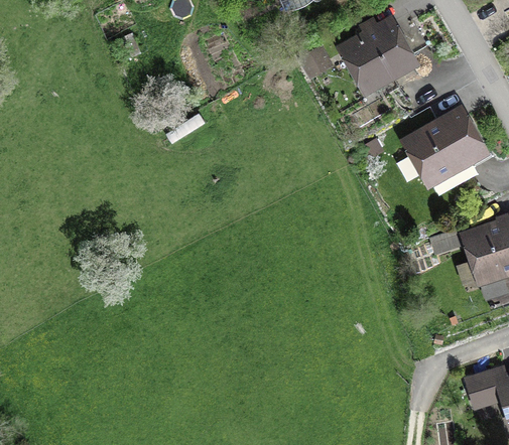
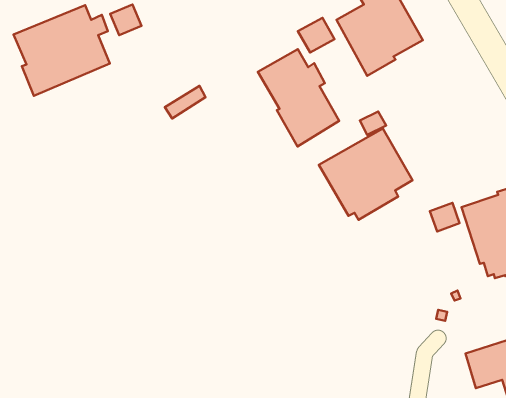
building: none -> [13,5,110,96]
building: none -> [258,49,339,146]
building: [399,104,492,194] -> [319,128,412,220]

